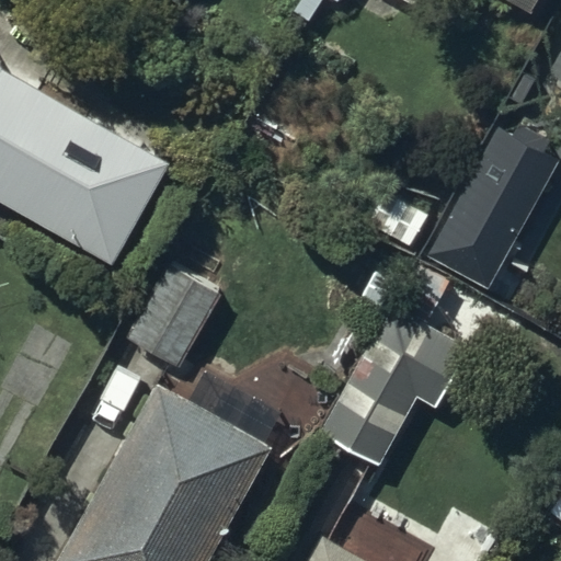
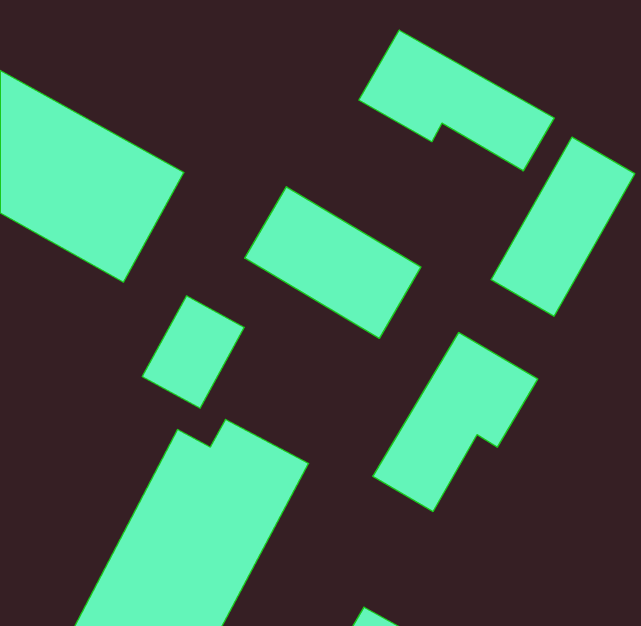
building: none -> [359,30,554,171]
building: none -> [245,187,421,338]

